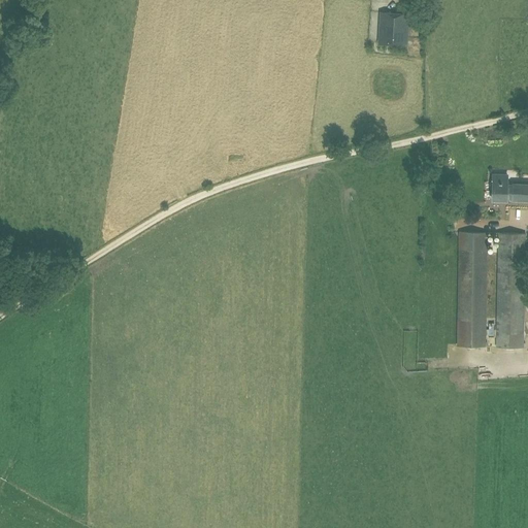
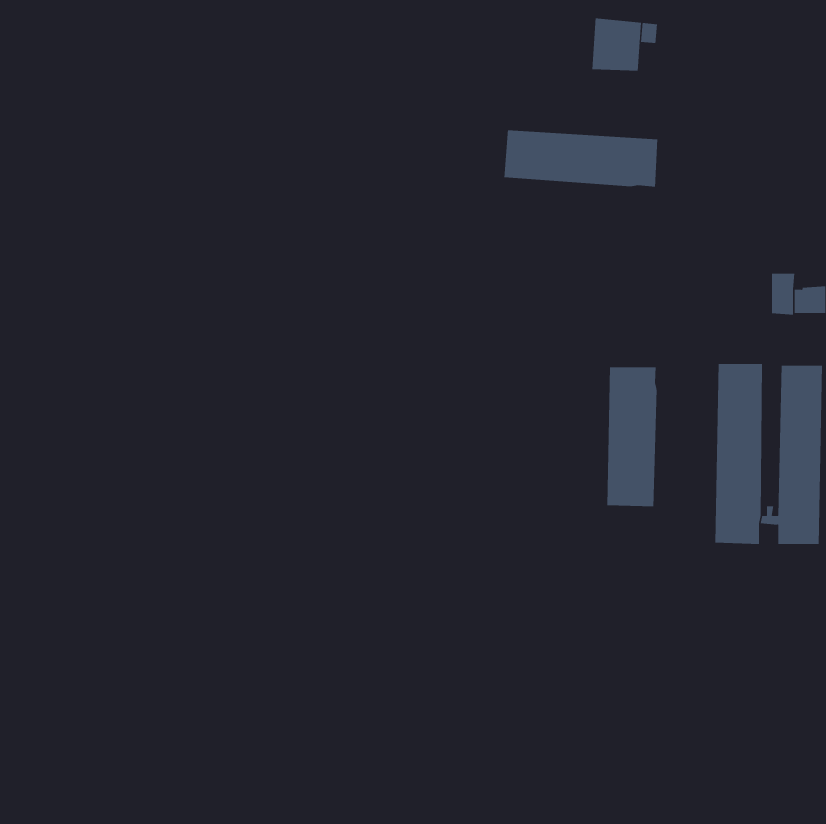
building: none -> [504,130,658,187]
building: none -> [607,366,657,507]

